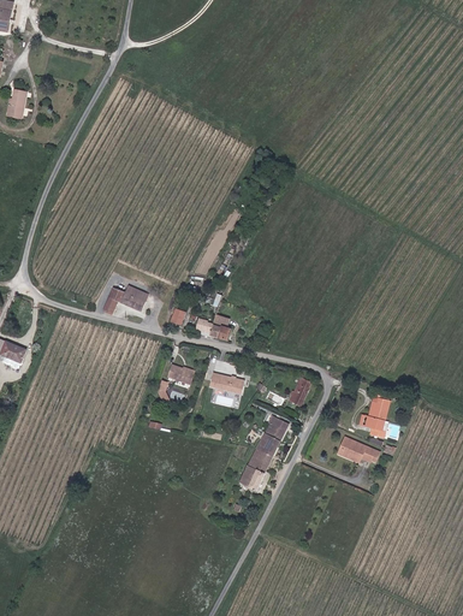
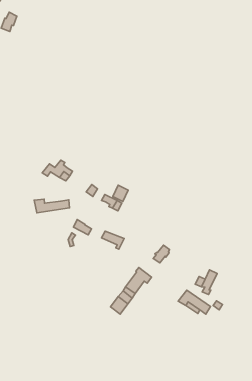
building: none -> [34,199,70,213]

